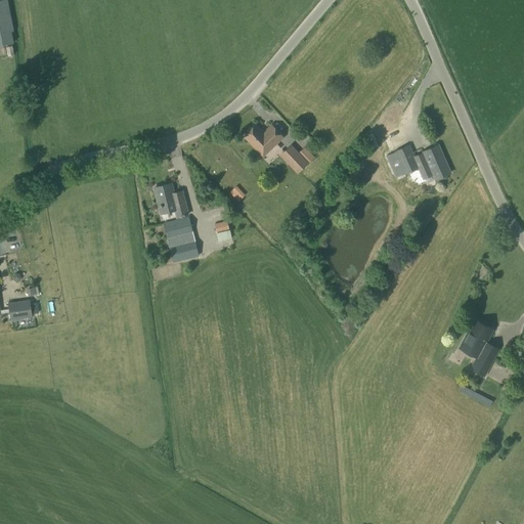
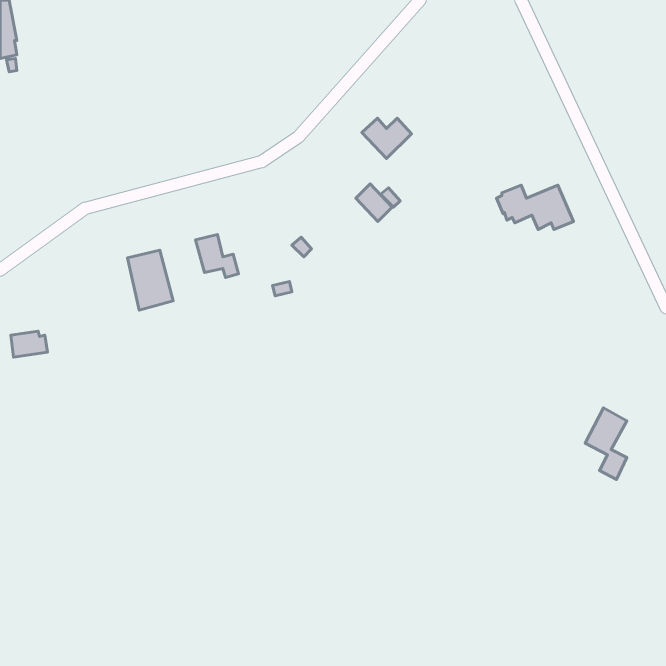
building: [244,125,282,157] -> [362,118,411,158]
building: [163,217,199,264] -> [127,250,173,310]
building: [8,300,37,320] -> [11,331,47,357]

